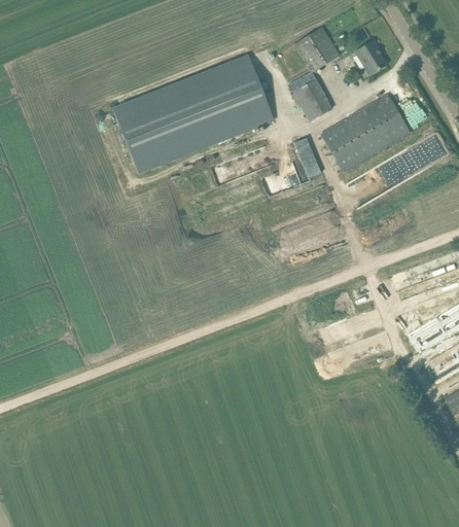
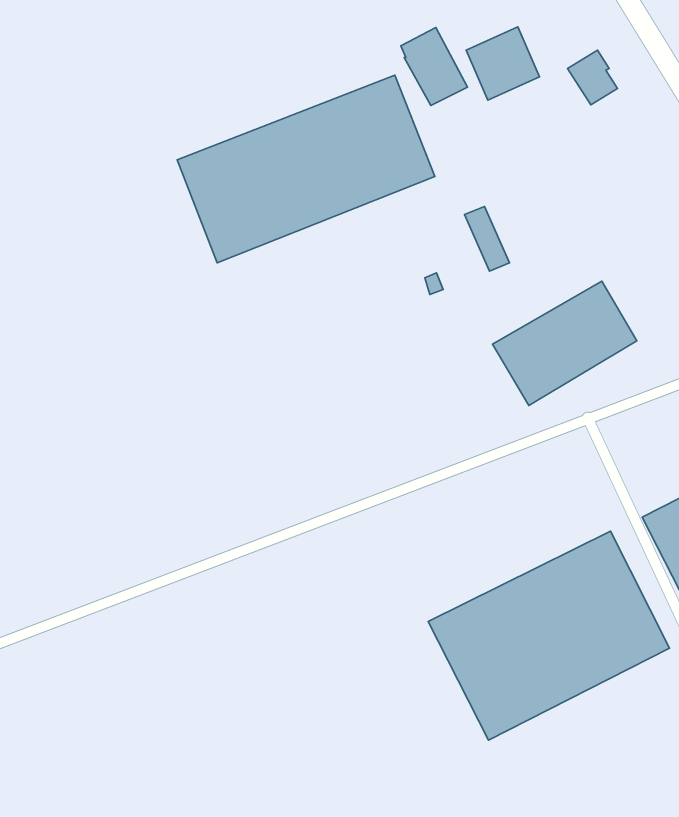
building: [289,72,330,120] -> [401,27,467,106]
building: [320,94,410,171] -> [492,281,637,406]
building: none -> [428,531,669,740]

